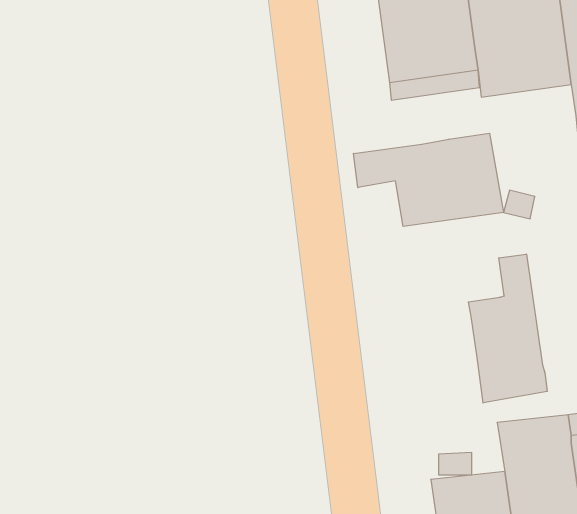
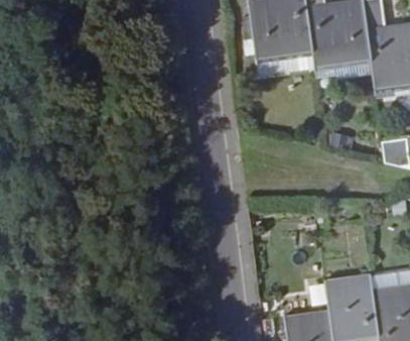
building: [353,133,503,226] -> none
building: [468,254,547,403] -> none

